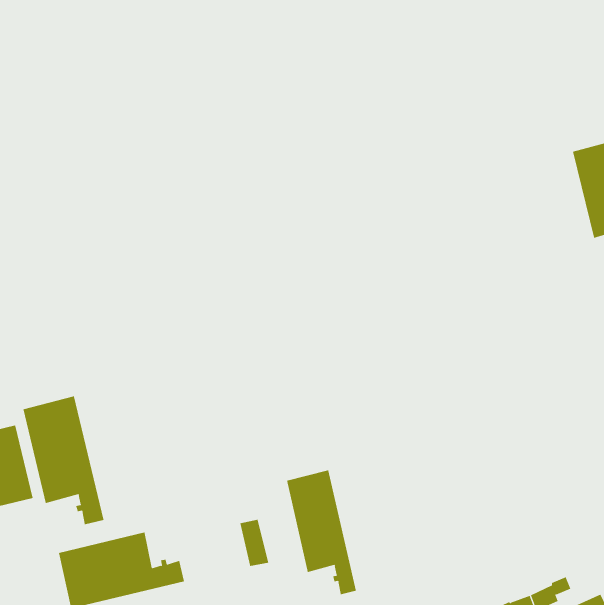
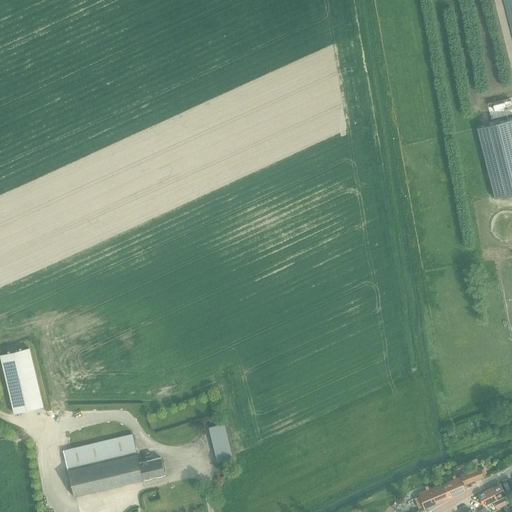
building: [23,395,104,525] -> none
building: [287,470,356,595] -> none

